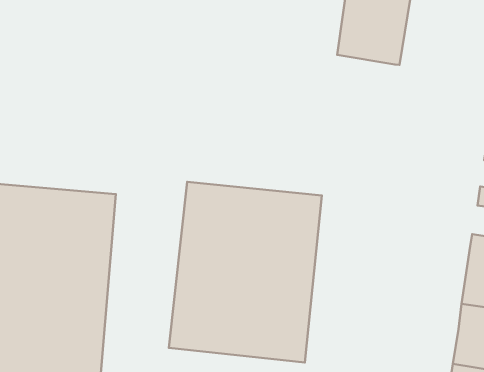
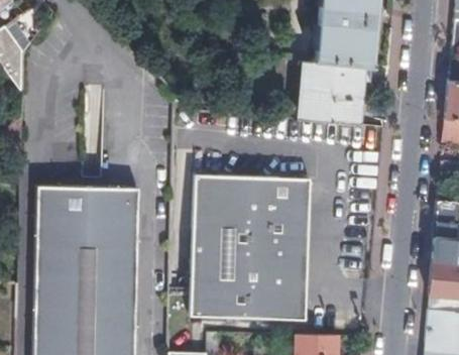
building: none -> [302,61,362,125]

